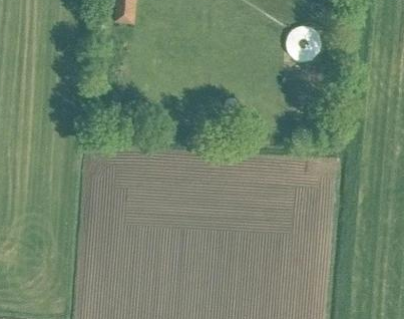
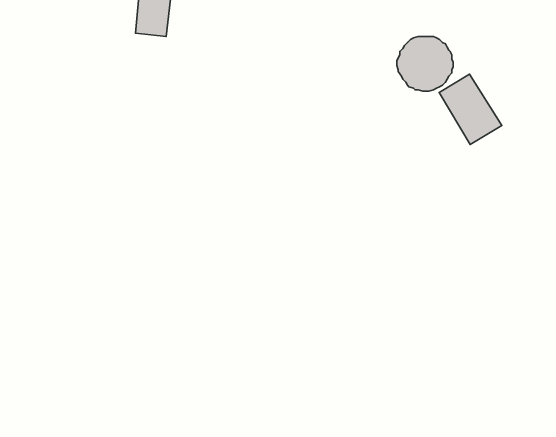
building: none -> [439,74,502,145]

